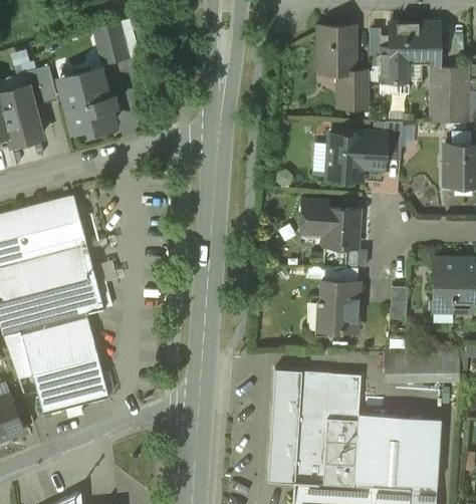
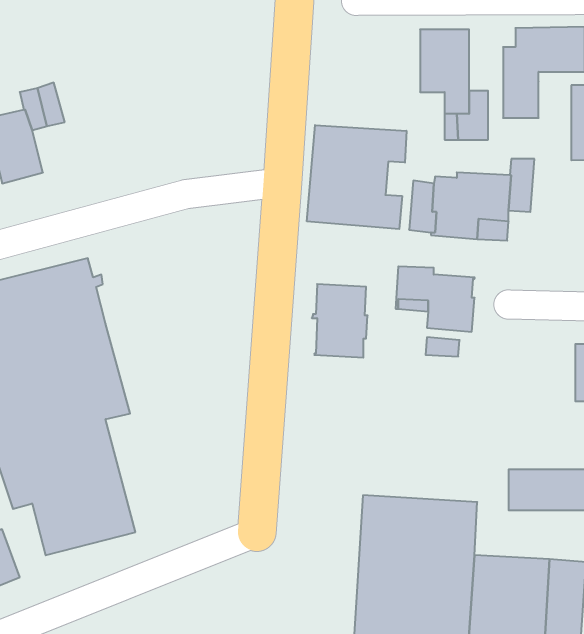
building: [94,22,127,62] -> none
building: [59,70,115,133] -> none
building: none -> [307,125,406,229]
building: [317,278,359,332] -> [312,284,368,358]
building: [390,286,408,319] -> none

